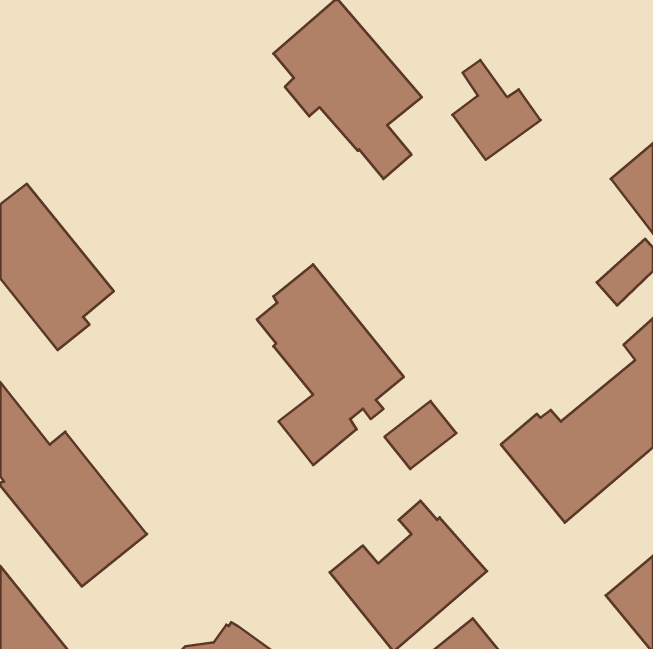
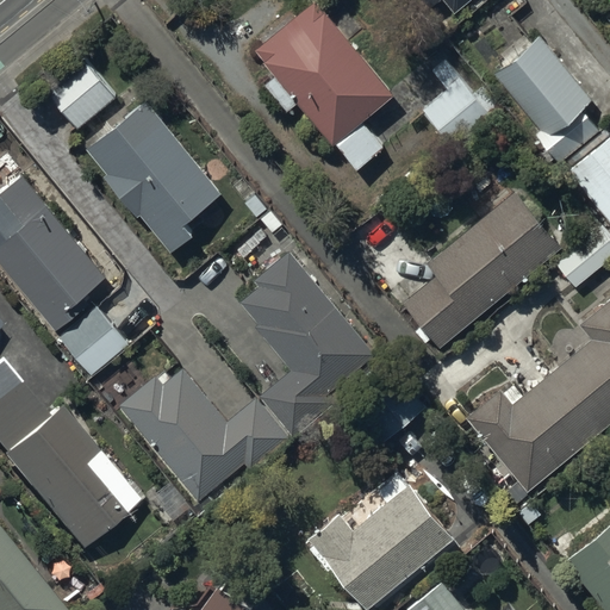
building: none -> [493,37,602,162]
building: none -> [46,60,116,129]
building: none -> [87,100,222,254]
building: none -> [403,192,561,349]
building: none -> [58,305,129,375]
building: none -> [119,367,290,502]

